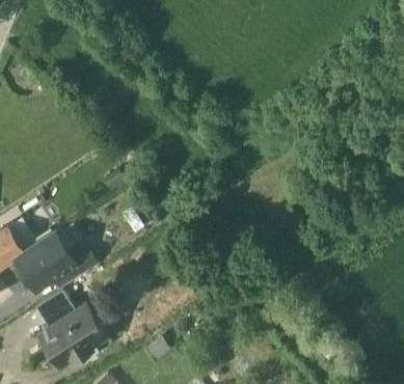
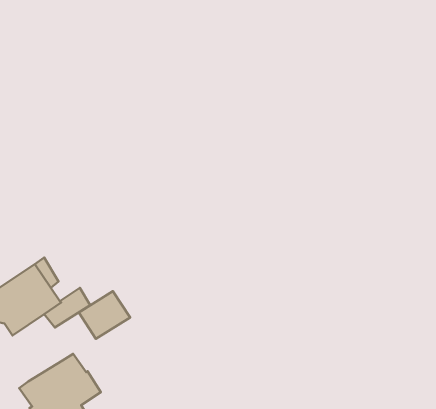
building: [35,287,76,325] -> [79,291,130,339]

